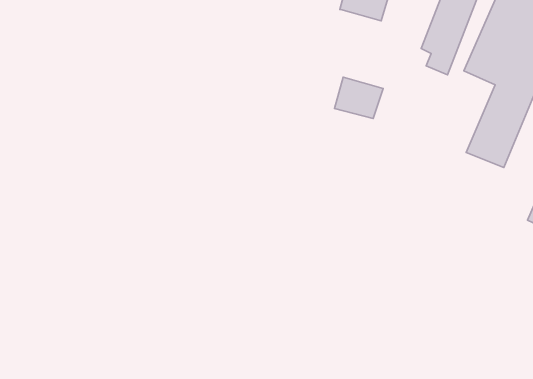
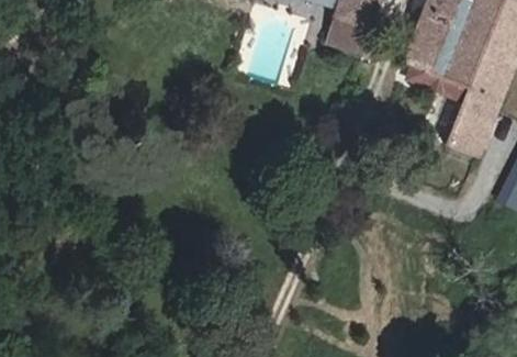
building: [334,77,383,118] -> [327,19,370,55]

